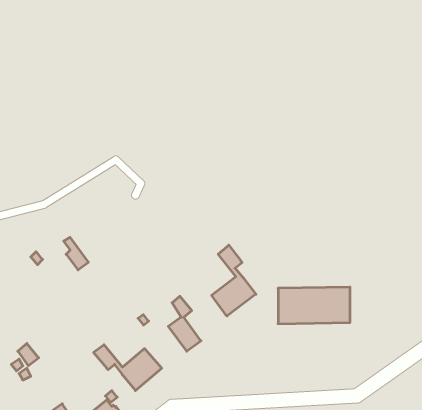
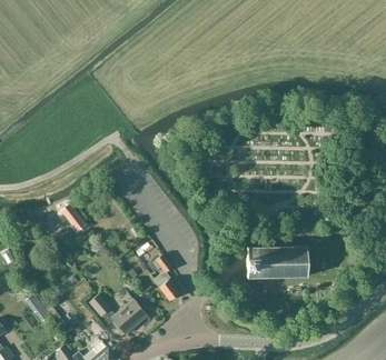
building: [212,245,256,316] -> none

